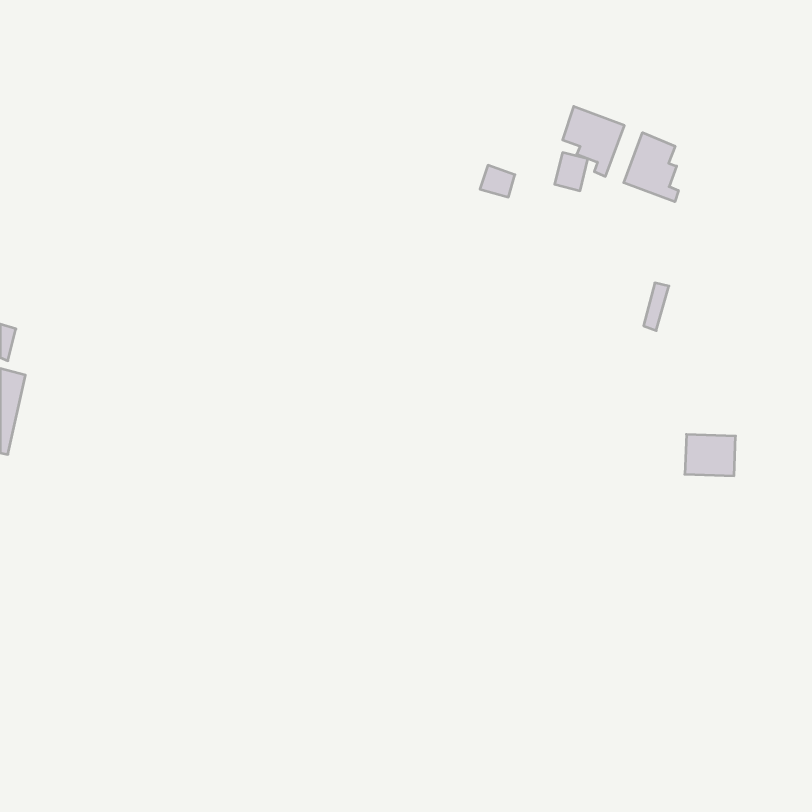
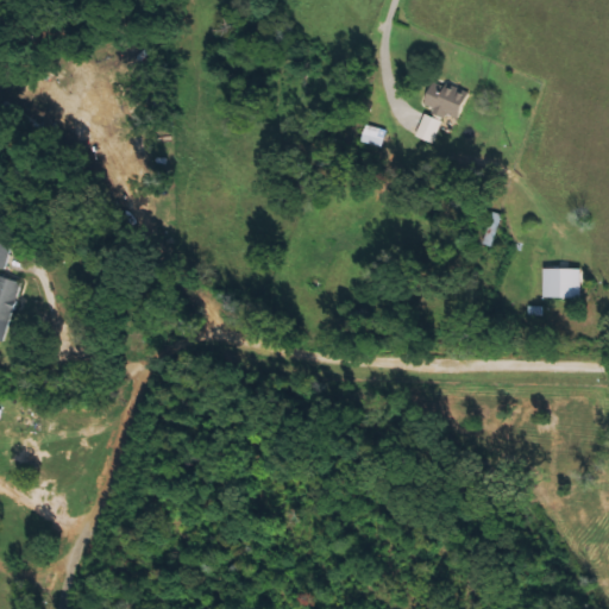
building: [624,133,678,202] -> none
building: [685,434,736,476] -> [541,268,579,299]

